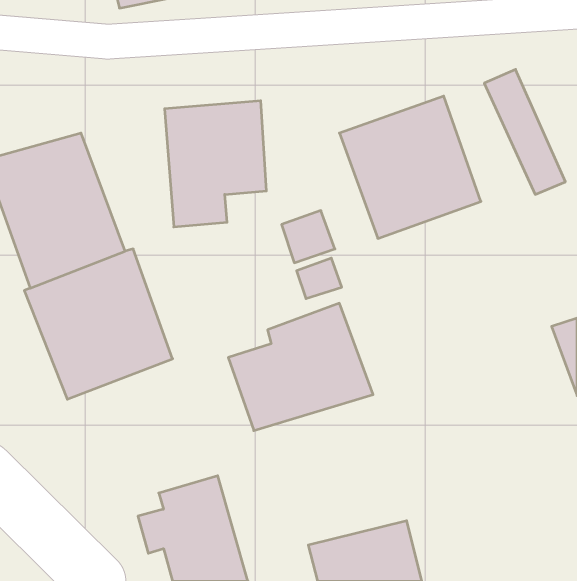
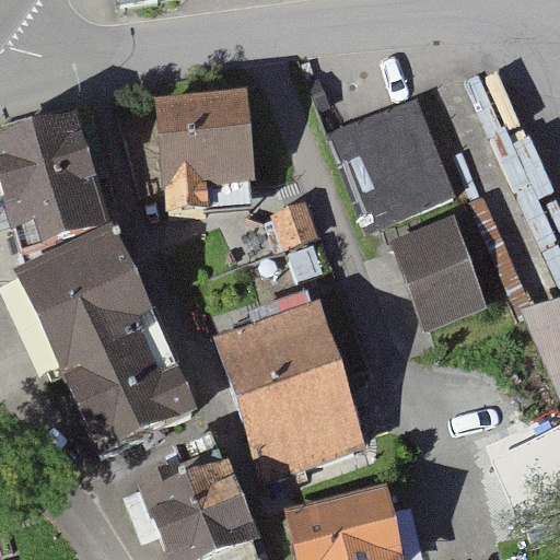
building: none -> [394,217,485,323]
building: none -> [63,339,195,459]
building: none -> [240,373,376,485]

